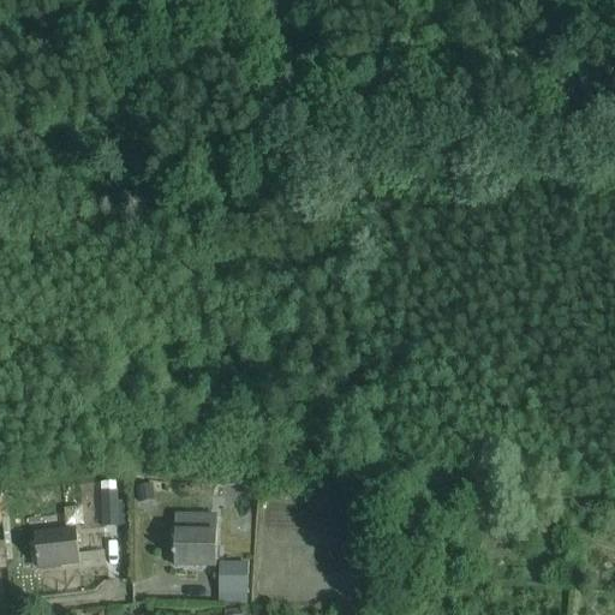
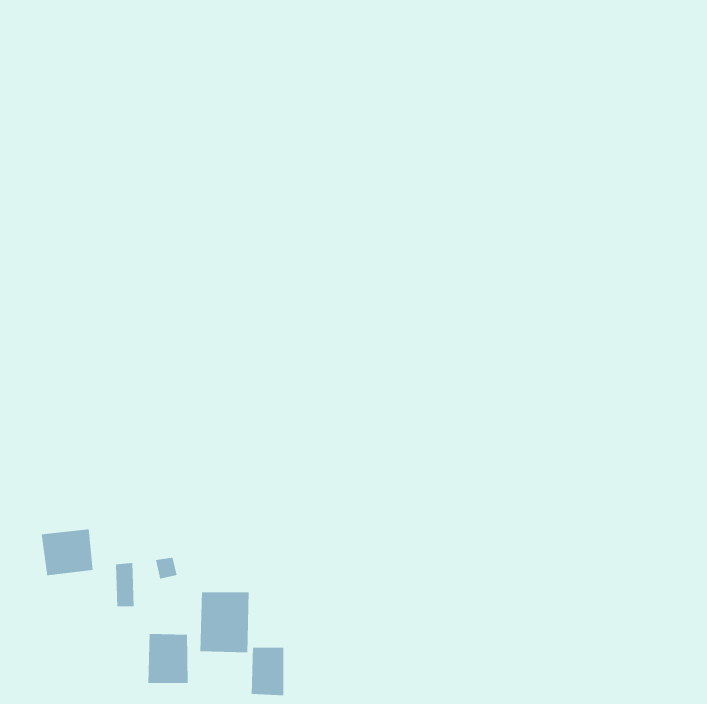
building: [32,526,78,567] -> [41,529,94,576]
building: none -> [148,633,188,684]

